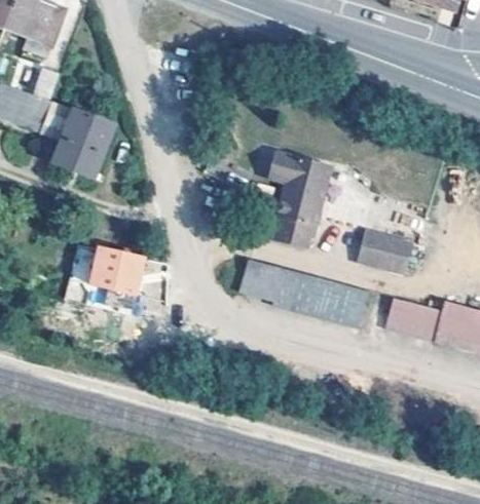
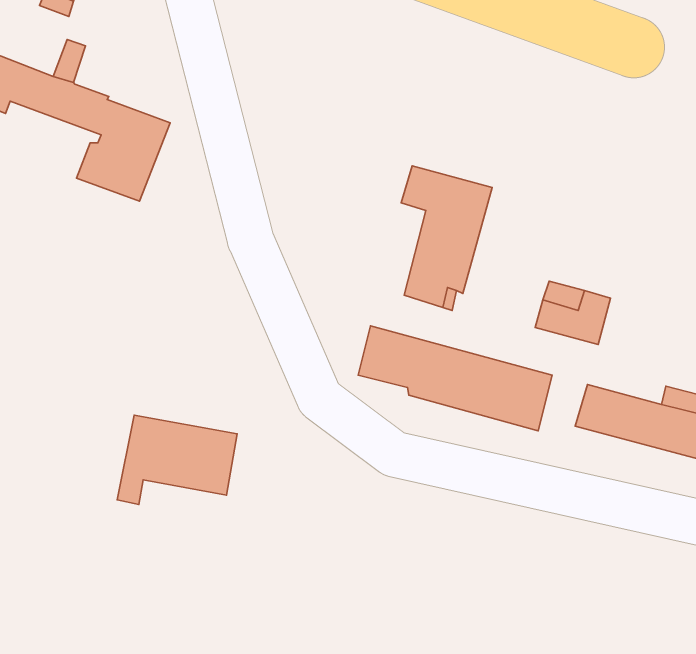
building: [67,240,147,300] -> [117,415,237,505]

